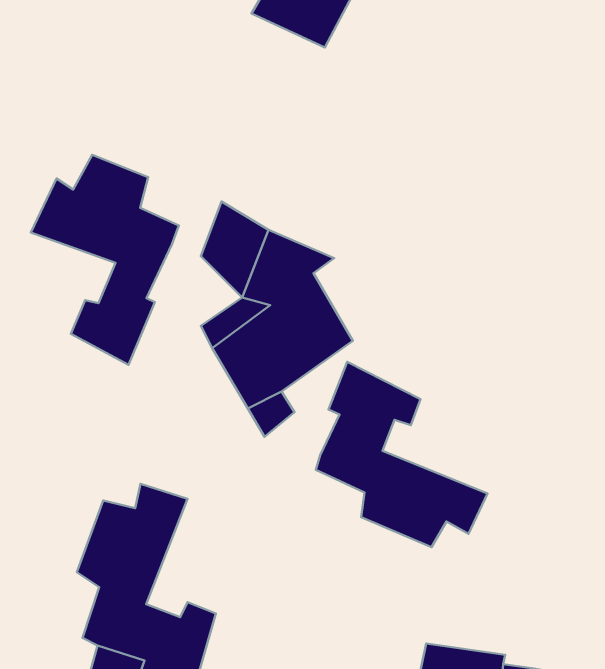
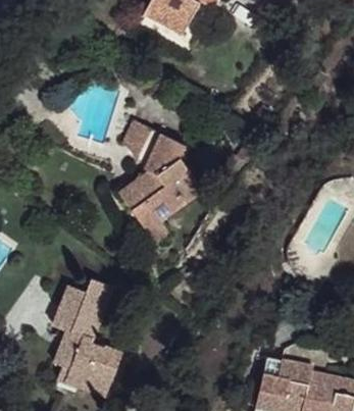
building: [31,155,179,365] -> none
building: [316,362,488,547] -> none

